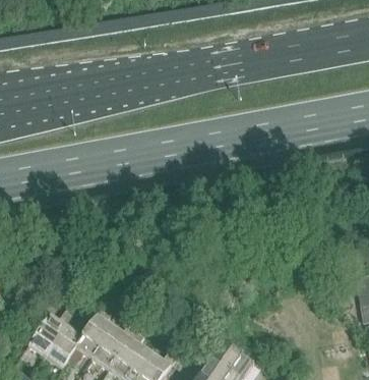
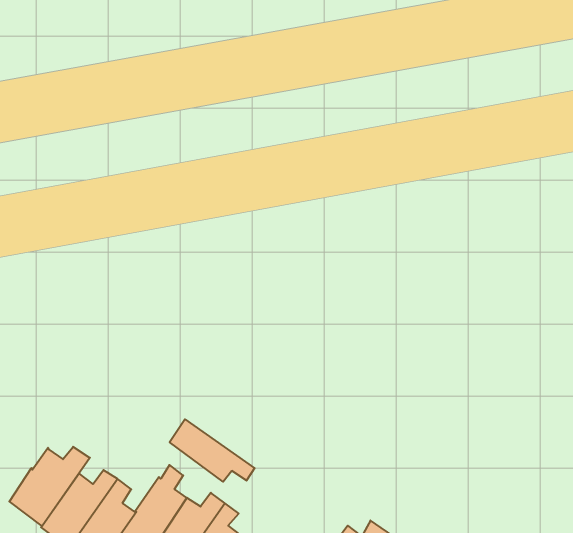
building: none -> [170,419,255,482]
building: none -> [9,447,90,526]

